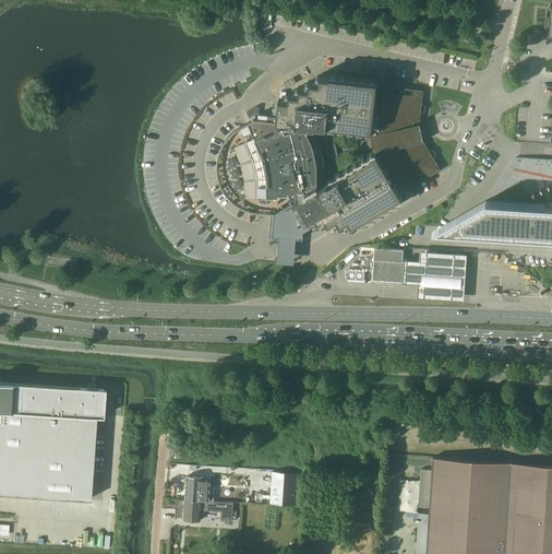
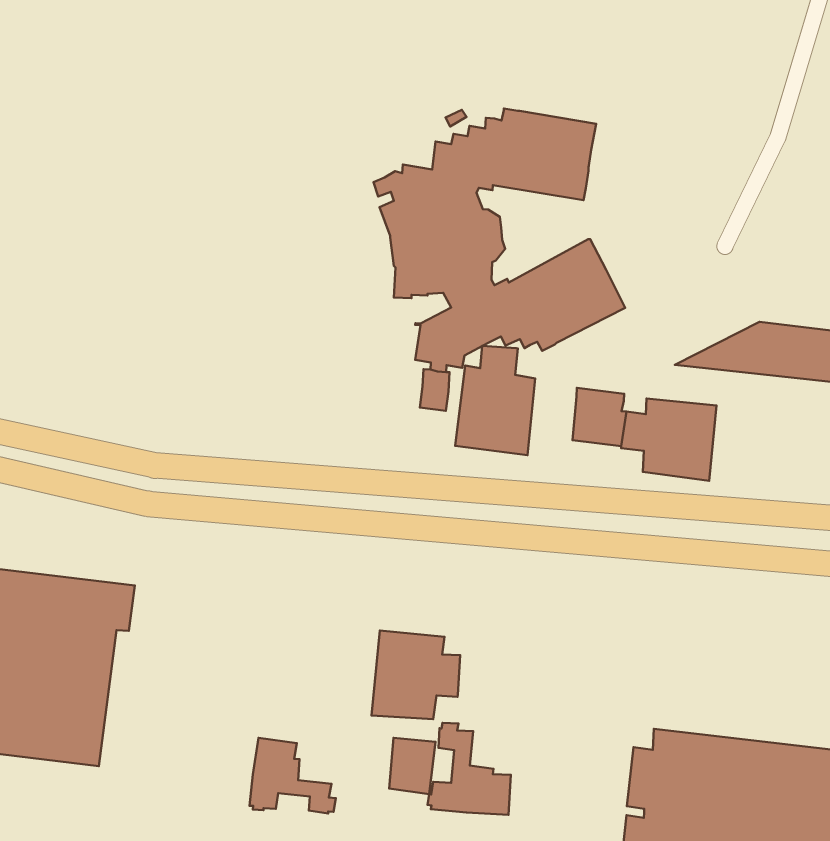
building: [365,89,441,193] -> none
building: none -> [455,346,535,455]
building: none -> [372,631,460,719]
building: none -> [428,723,511,815]

